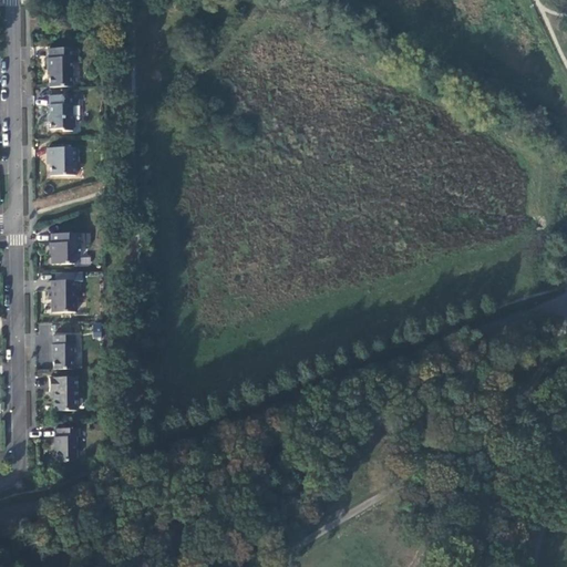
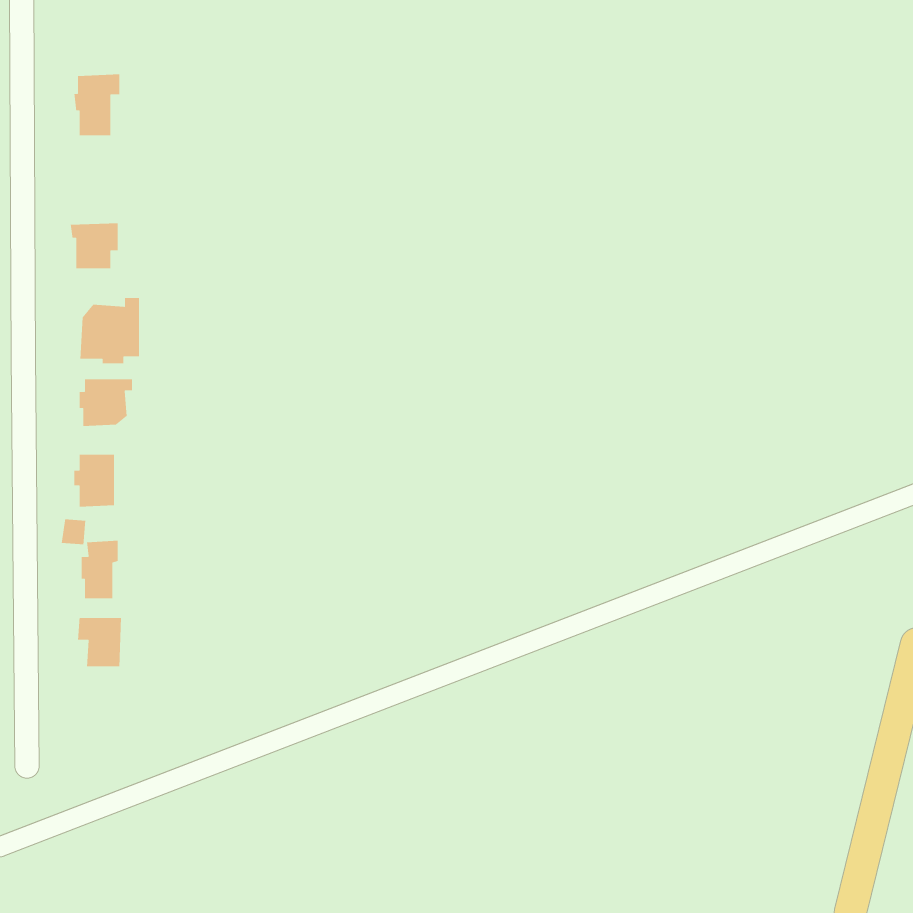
building: [48,93,79,132] -> none
building: none -> [80,297,140,364]
building: [54,429,79,461] -> none

